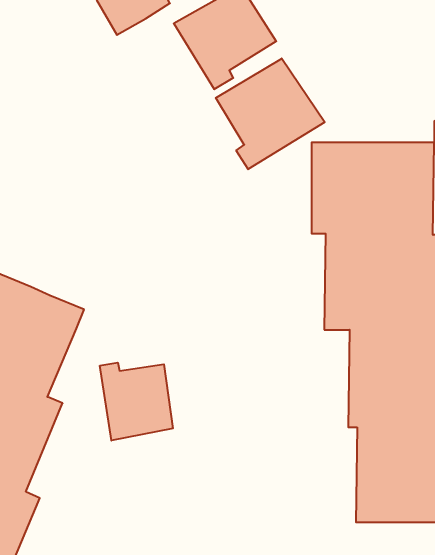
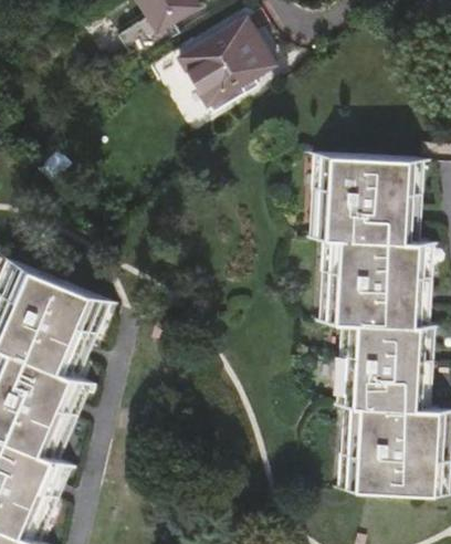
building: [216,58,325,169] -> none
building: [100,363,173,441] -> none

